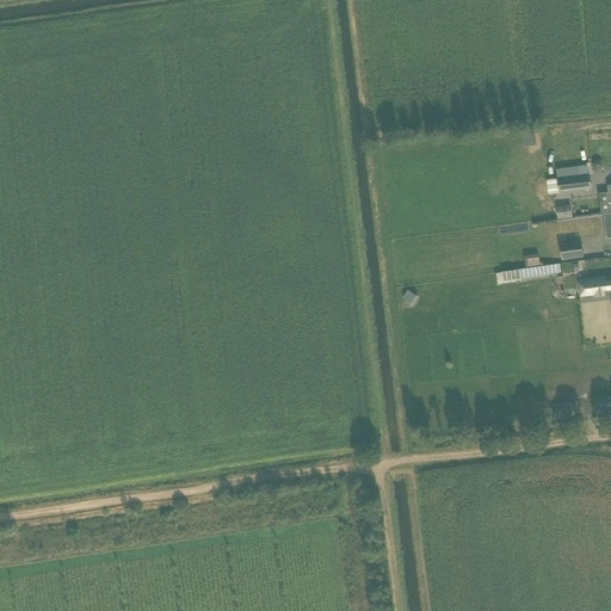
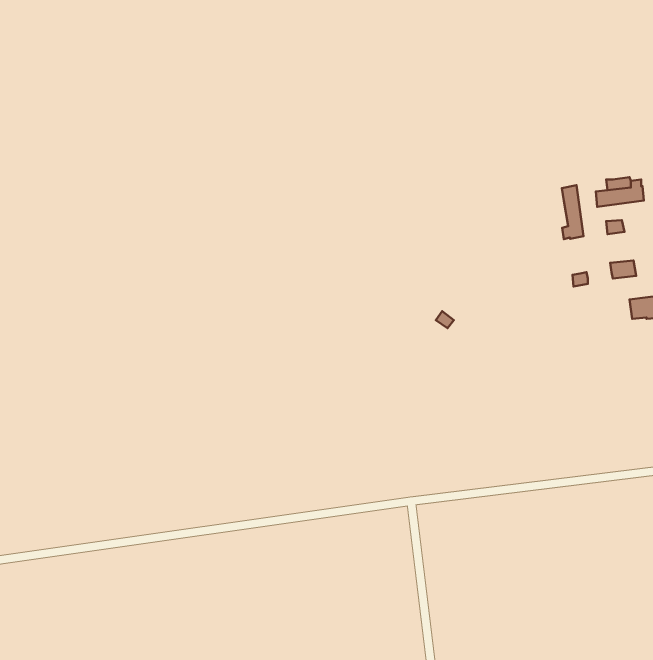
building: none -> [562,185,584,239]

